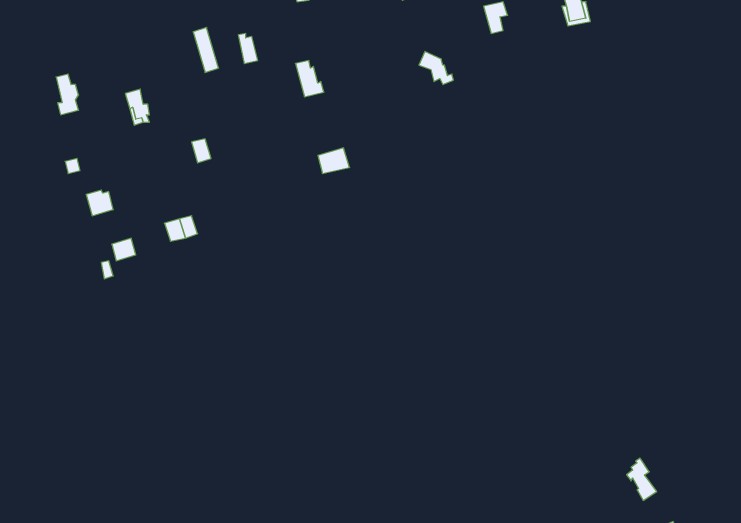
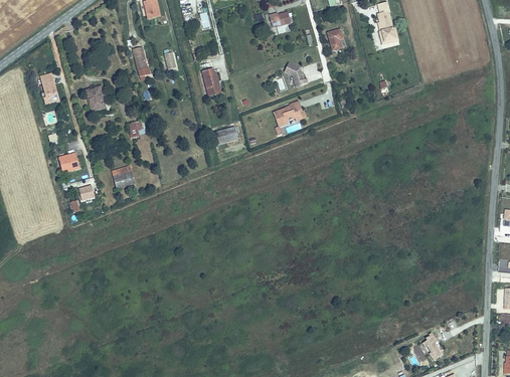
building: none -> [273,100,302,125]

